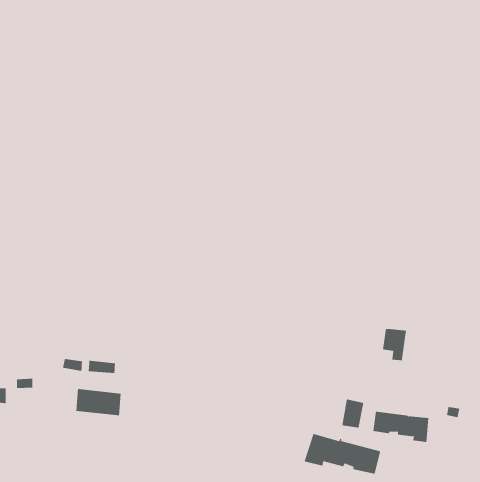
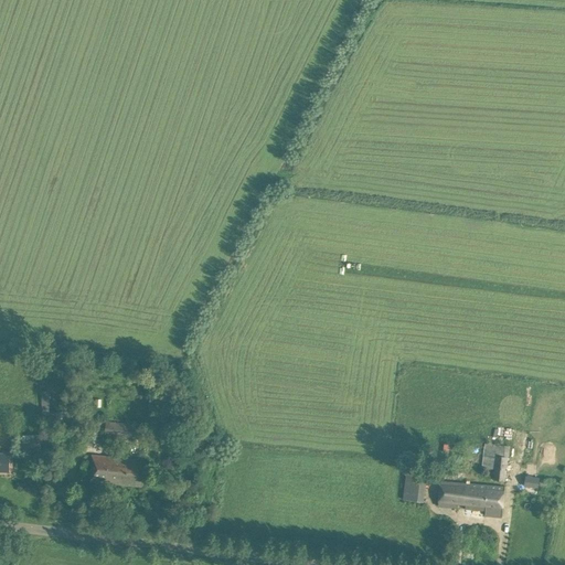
building: [382,329,407,361] -> [480,444,509,481]
building: [304,433,381,475] -> none

